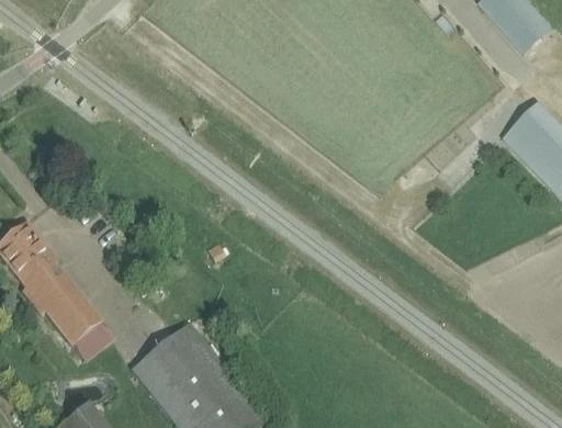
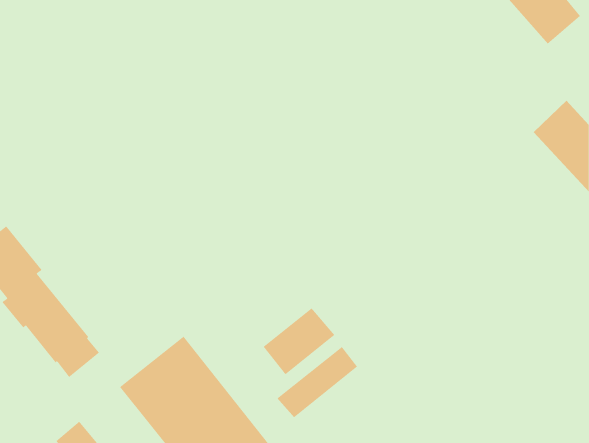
building: none -> [263,308,335,375]
building: none -> [277,346,358,418]

